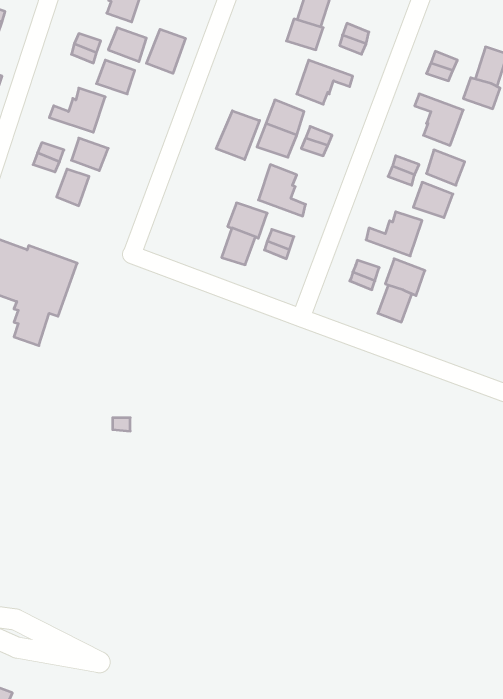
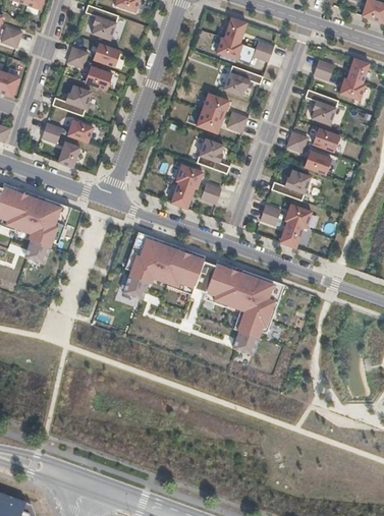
building: [146,29,185,73] -> none
building: [216,111,260,160] -> none
building: none -> [122,231,284,354]

